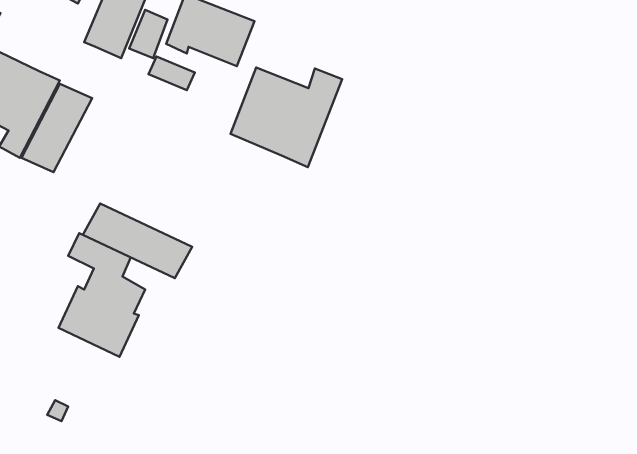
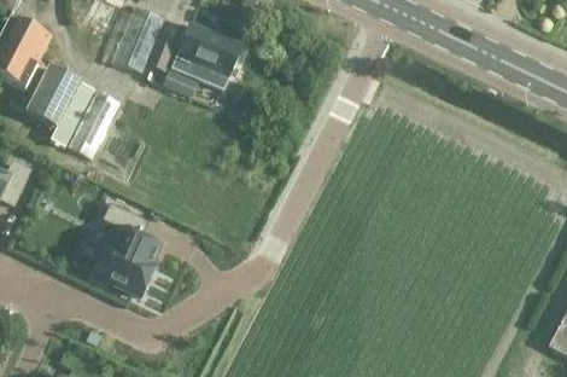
building: [231,67,342,167] -> none
building: [83,204,192,278] -> none

